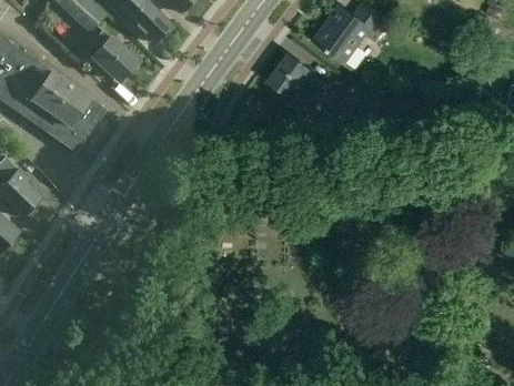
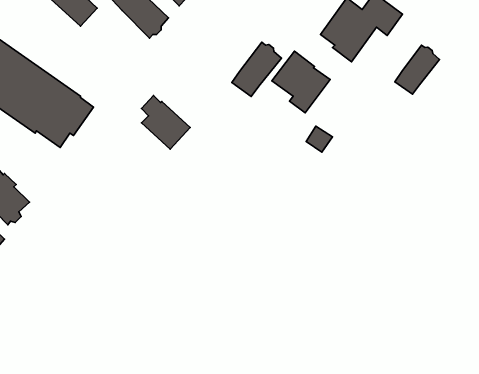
building: [91,30,137,80] -> [142,96,190,149]
building: none -> [232,42,281,96]
building: none -> [395,45,439,94]

